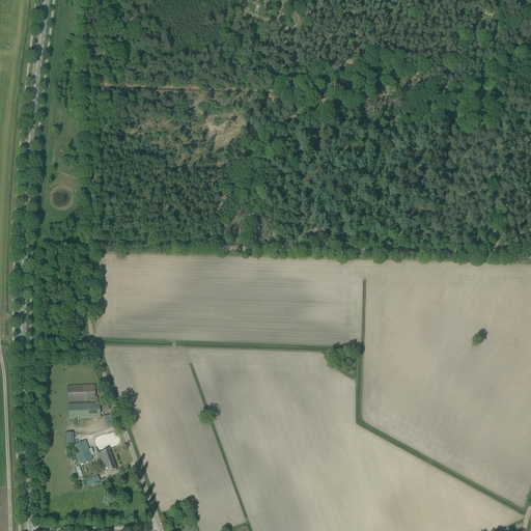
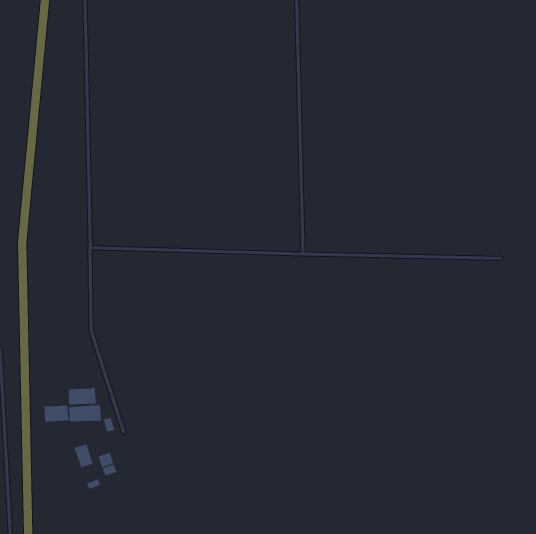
building: none -> [44,405,69,422]

